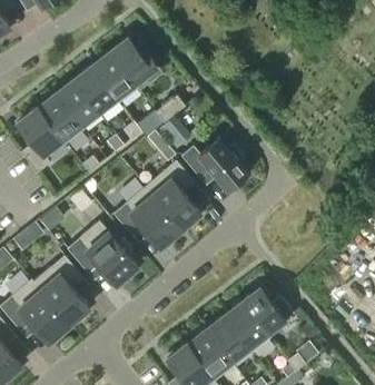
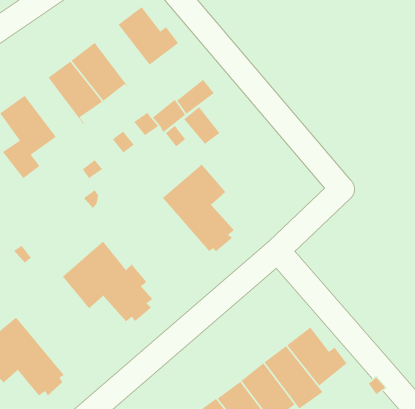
building: [91,53,137,103] -> none
building: [37,95,82,145] -> none
building: [180,137,248,190] -> none
building: [112,188,180,248] -> none
building: [30,257,88,326] -> none

